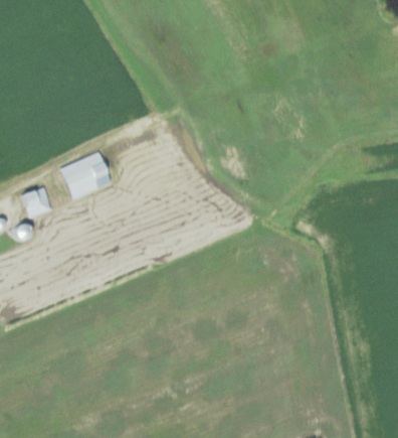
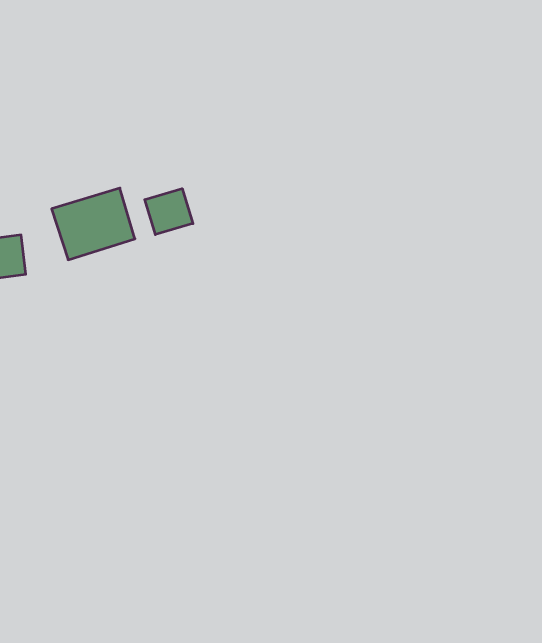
building: none -> [145,189,193,235]

